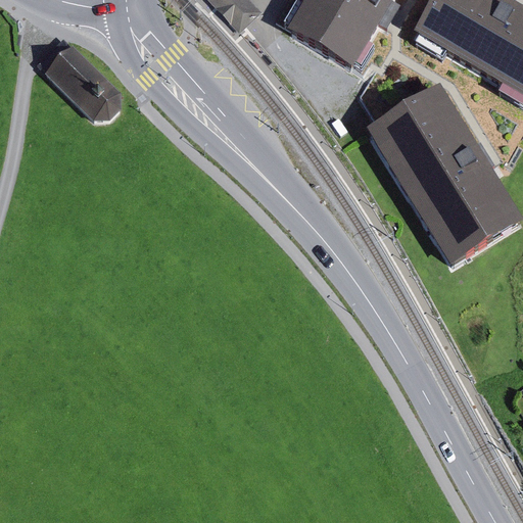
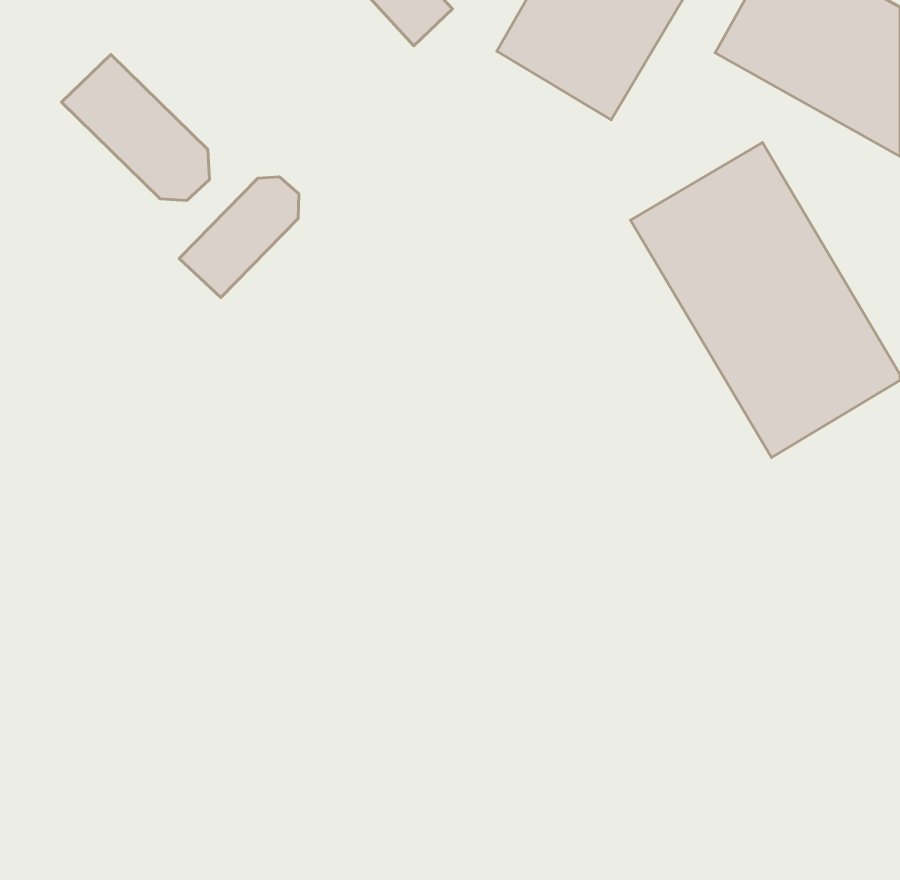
building: none -> [179,177,299,297]

